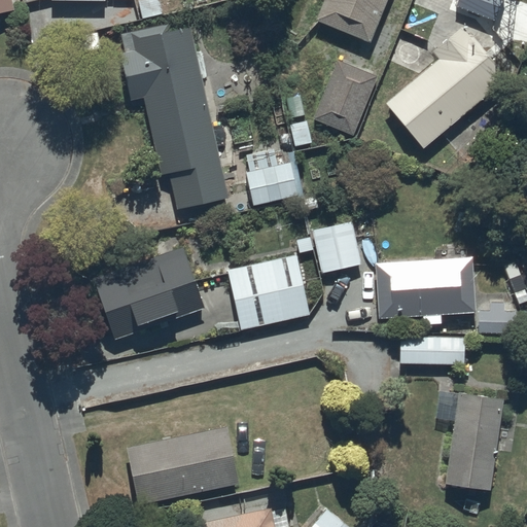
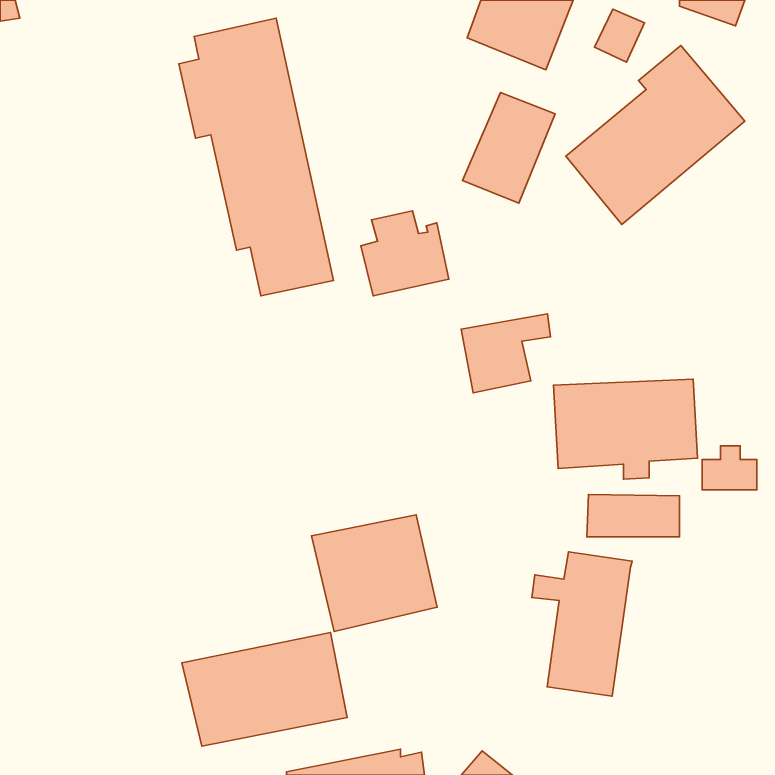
building: [89,245,201,341] -> none
building: [222,252,308,331] -> [311,515,437,632]
building: [434,391,502,489] -> [532,552,632,696]

